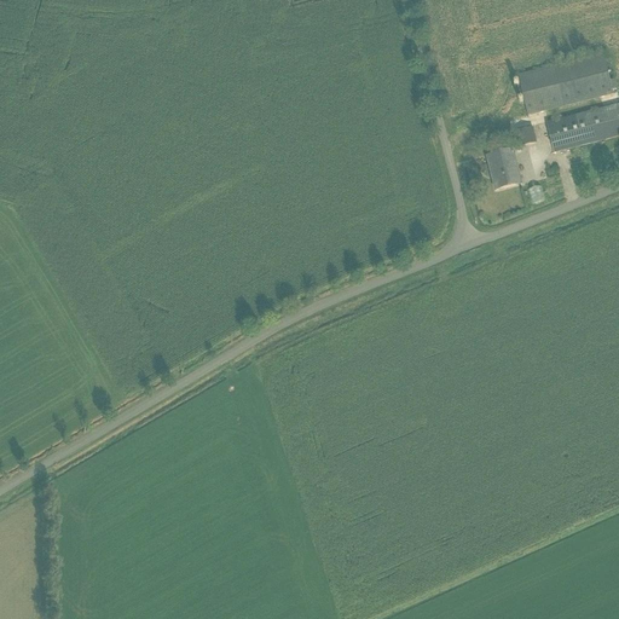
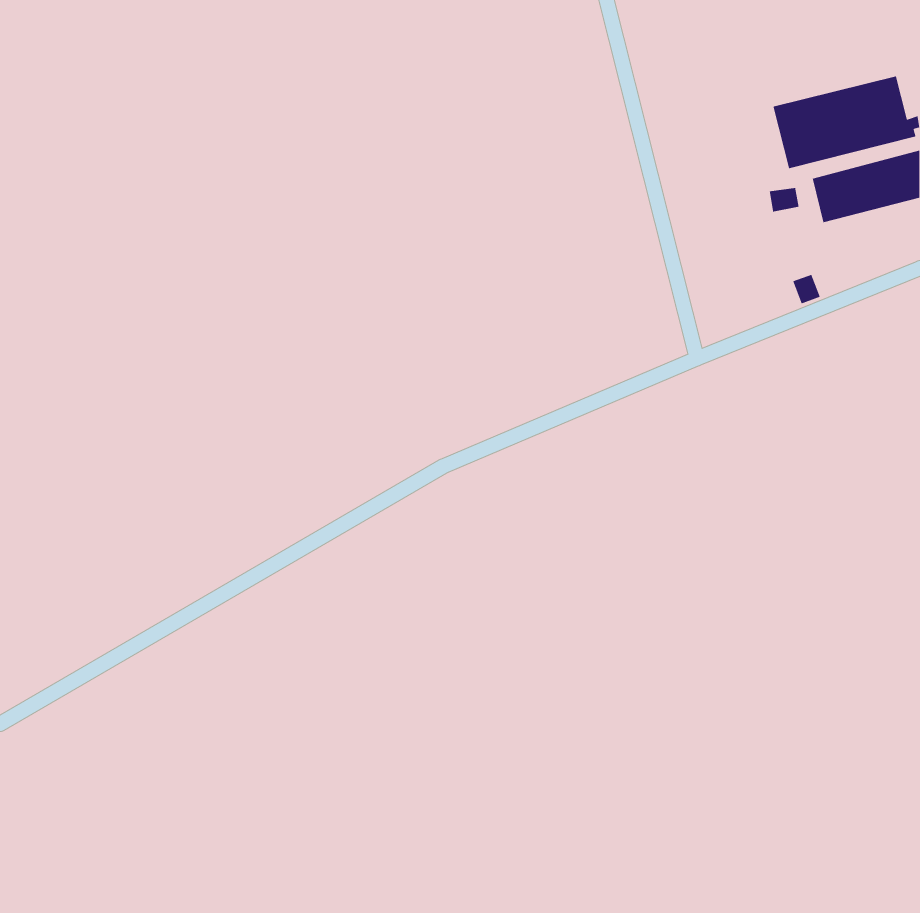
building: [487,149,521,187] -> none

